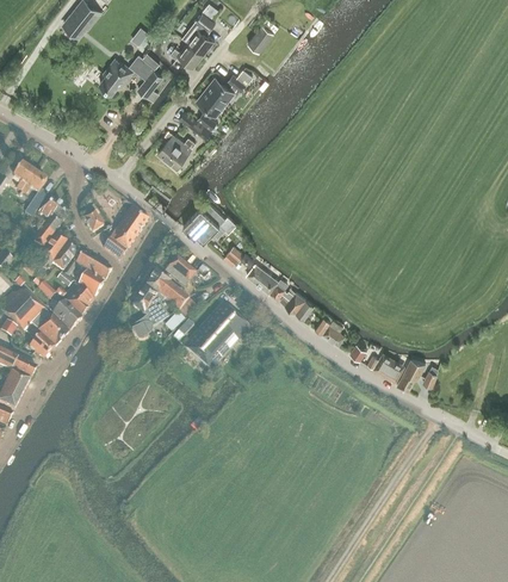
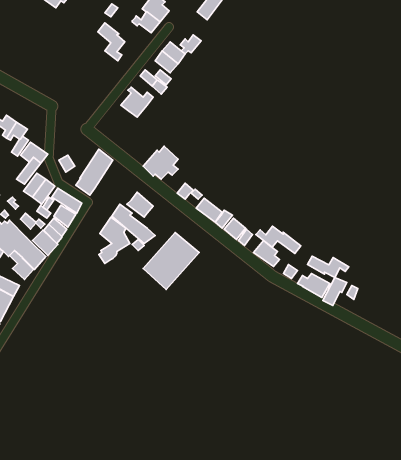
building: [99,57,132,92] -> none
building: none -> [256,226,301,254]
building: none -> [307,256,349,277]

